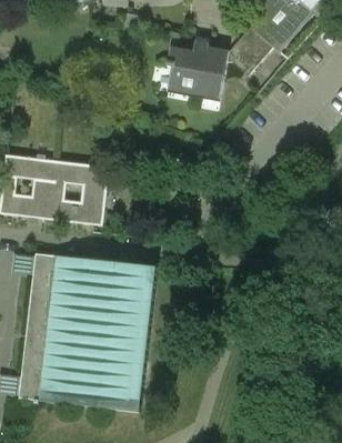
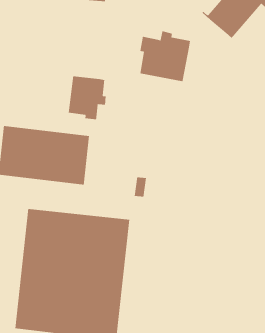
building: [228,27,273,74] -> none
building: none -> [68,75,106,120]

